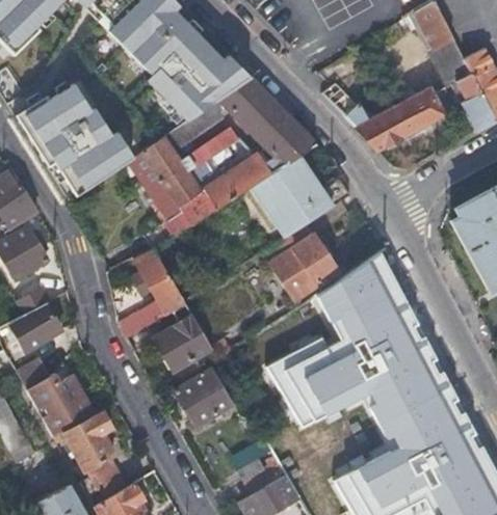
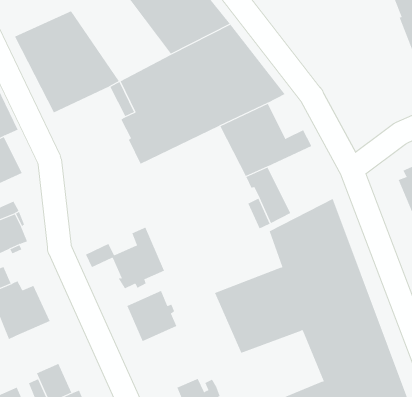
building: [345,89,445,151] -> none
building: [116,248,184,338] -> none
building: [52,412,113,471] -> none

